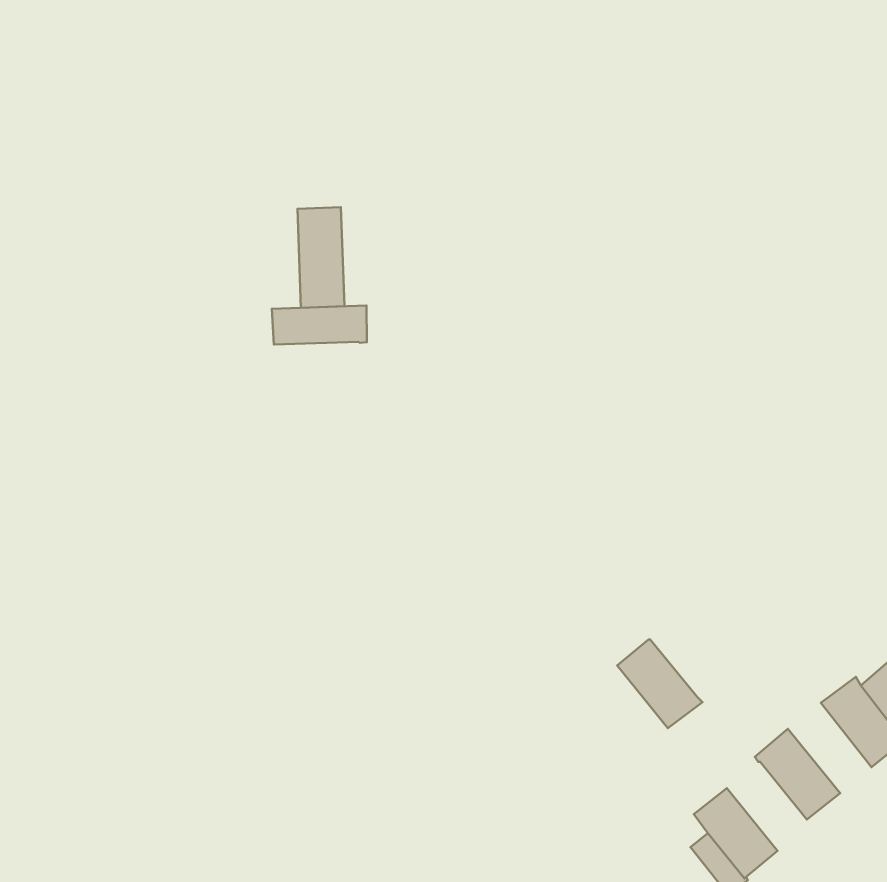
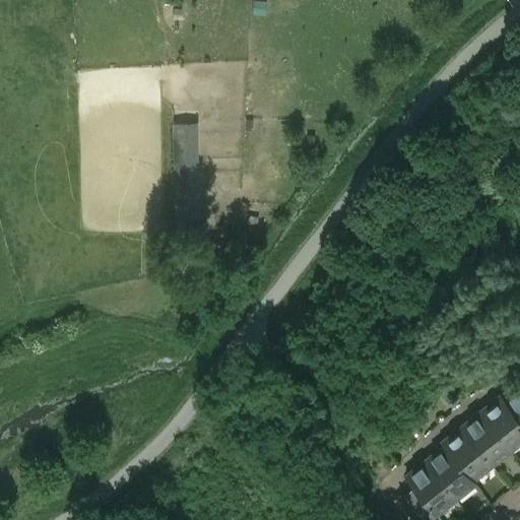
building: [272,306,367,345] -> none
building: [617,640,702,728] -> [426,449,475,501]
building: none -> [461,414,510,467]

